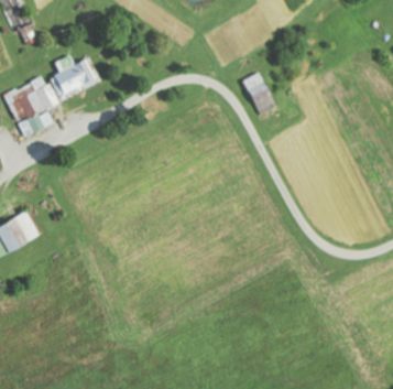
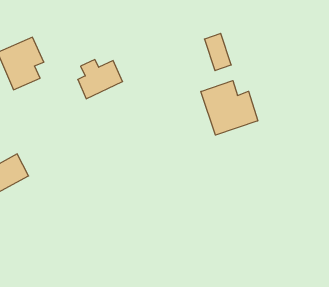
building: [51,55,102,100] -> [78,60,123,99]
building: none -> [201,81,258,135]

